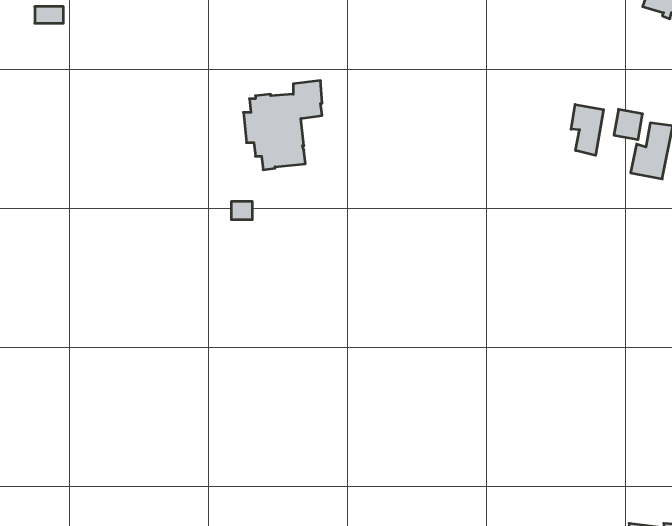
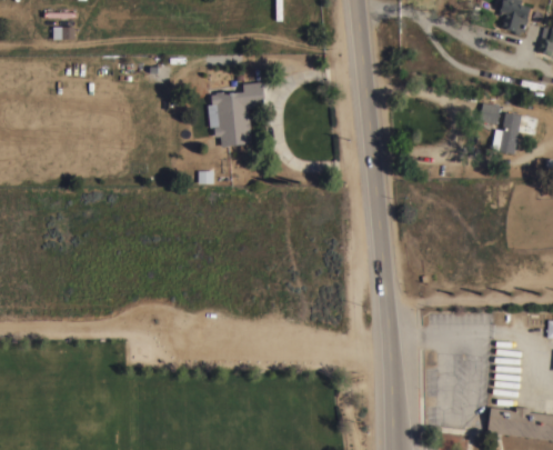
building: [571,104,604,155] -> none

